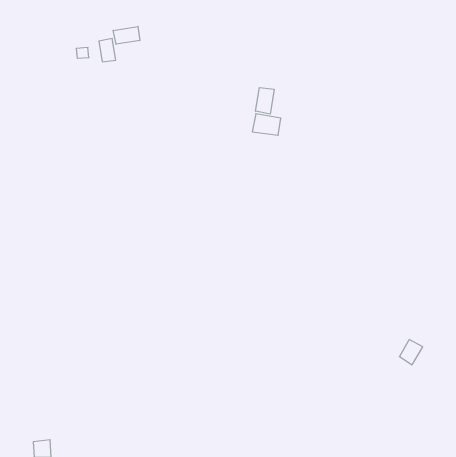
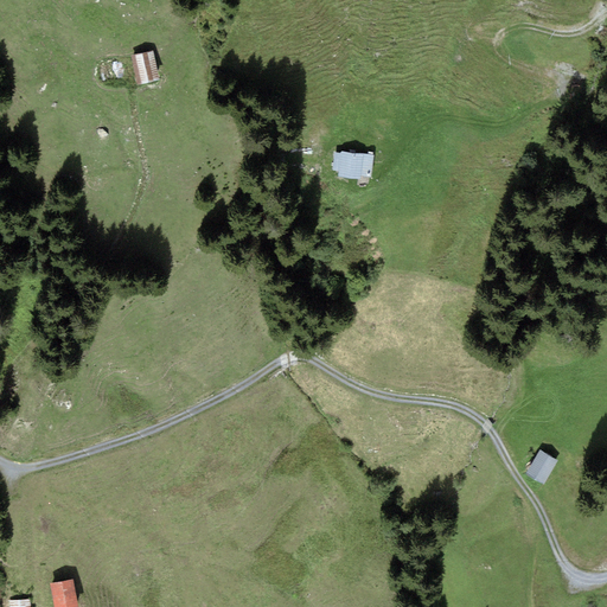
building: [113,26,140,44] -> none
building: [256,88,274,114] -> none

